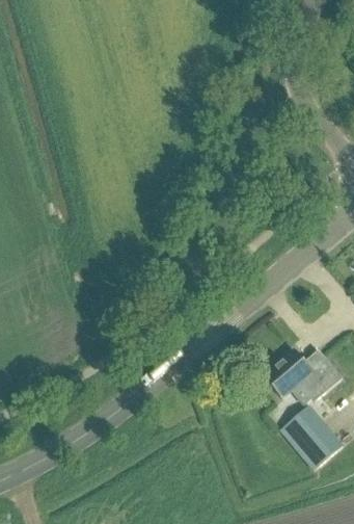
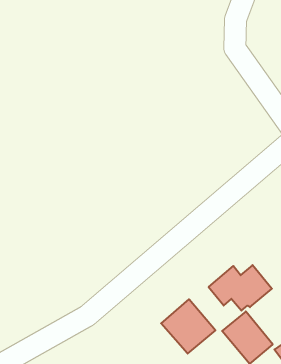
building: none -> [161,299,215,354]

